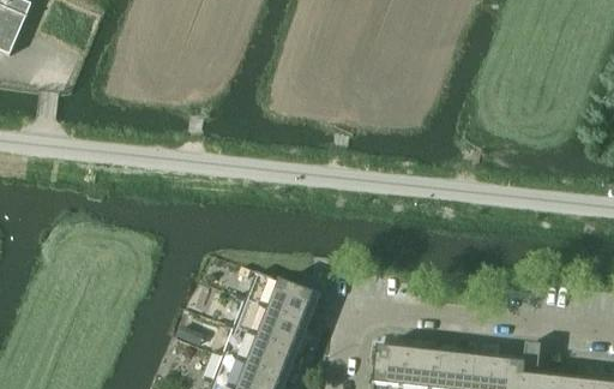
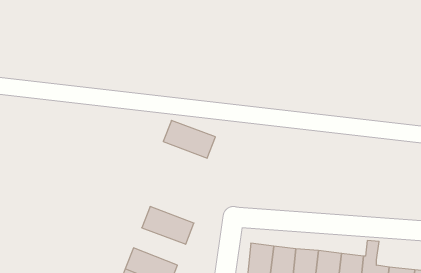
building: [247,270,315,319] -> [163,120,215,158]
building: [225,325,294,375] -> none

